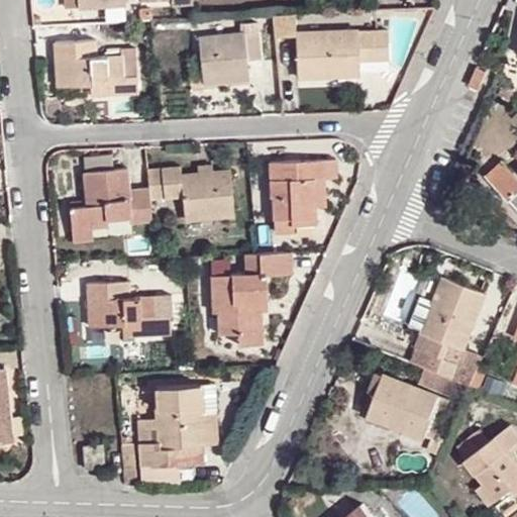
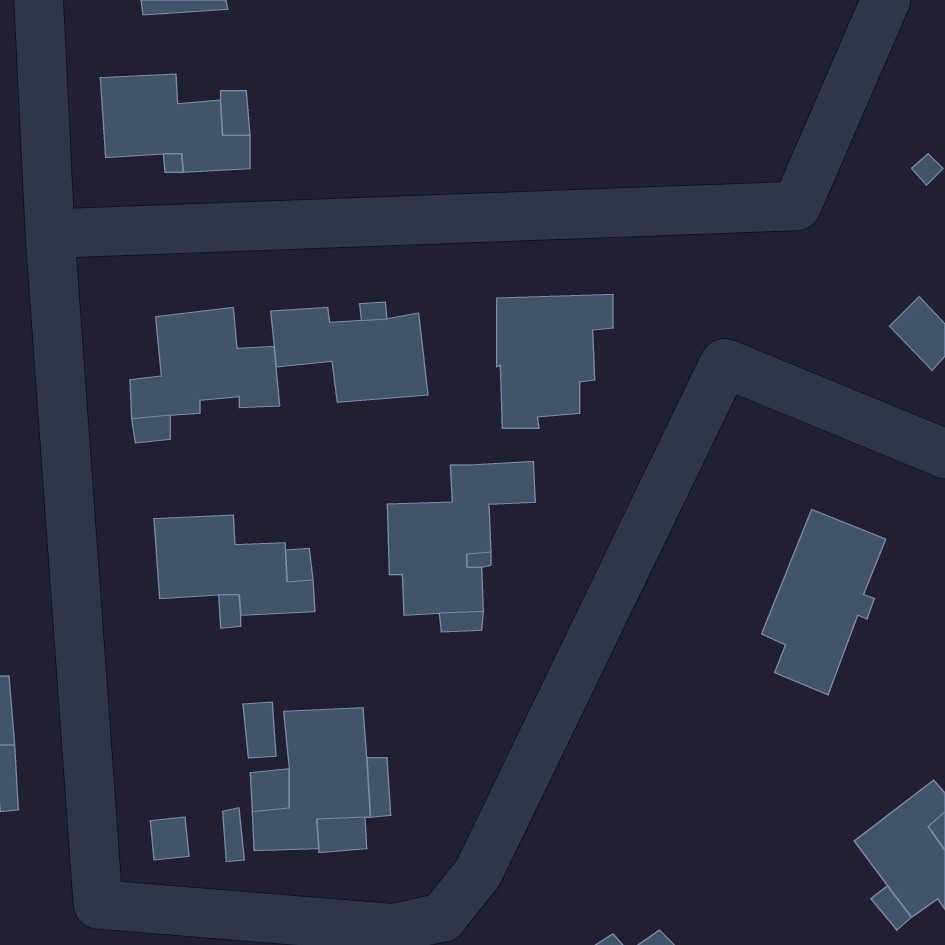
building: [197,24,260,86] -> none
building: [297,30,389,78] -> none
building: [373,375,439,436] -> none

